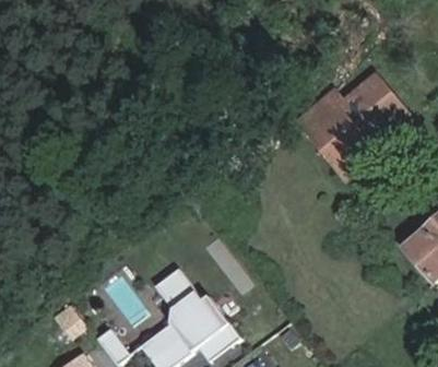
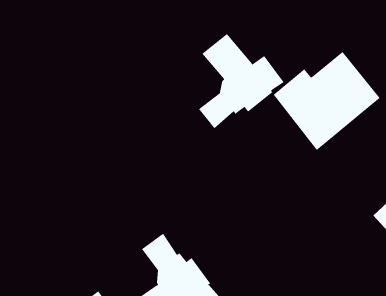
building: none -> [198,33,285,129]

